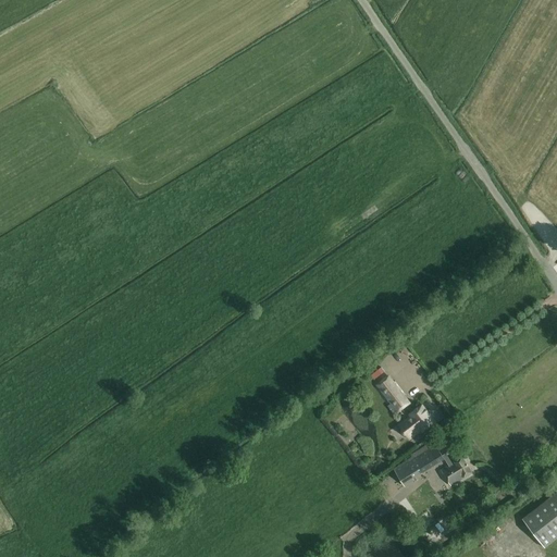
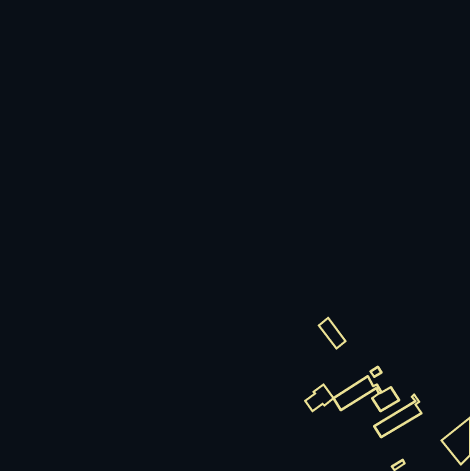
building: [399,406,433,437] -> [305,384,334,411]
building: none -> [374,394,422,437]

